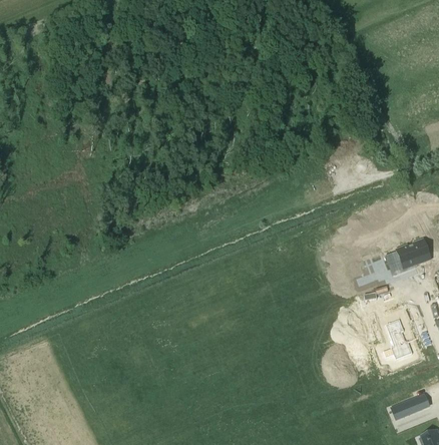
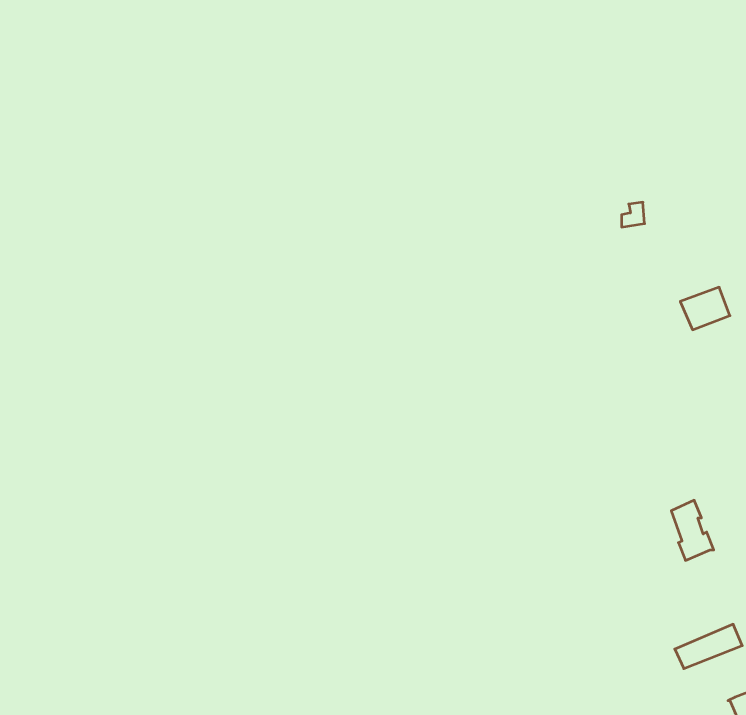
building: [397,247,425,271] -> [680,287,730,330]

